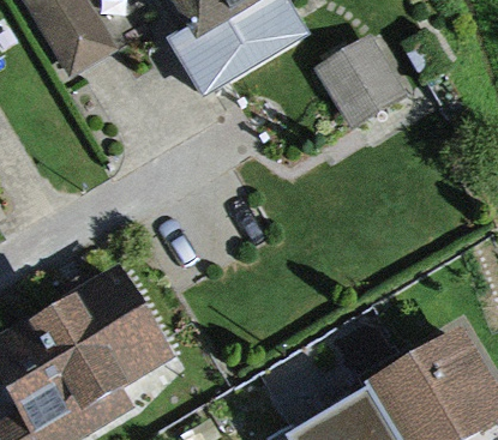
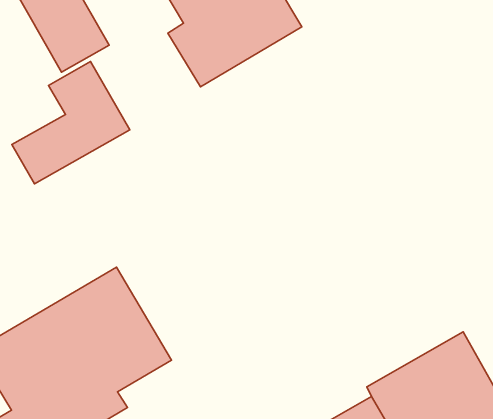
building: [313,31,406,127] -> none
building: none -> [12,62,130,184]

